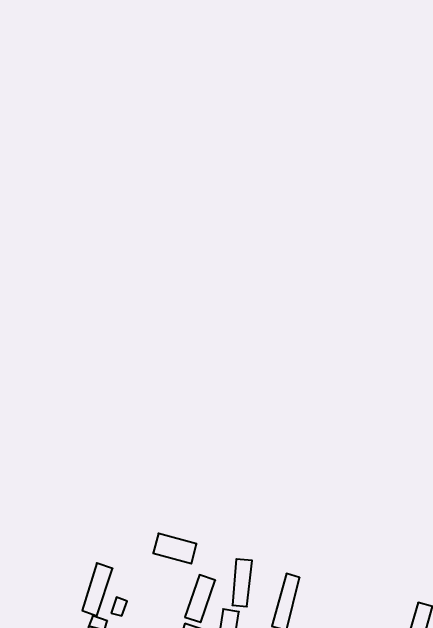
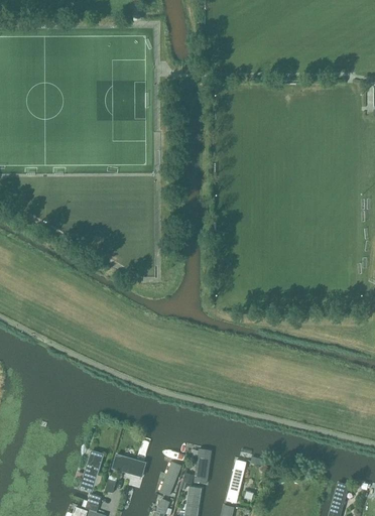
building: [153,533,197,564] -> [113,456,146,479]

